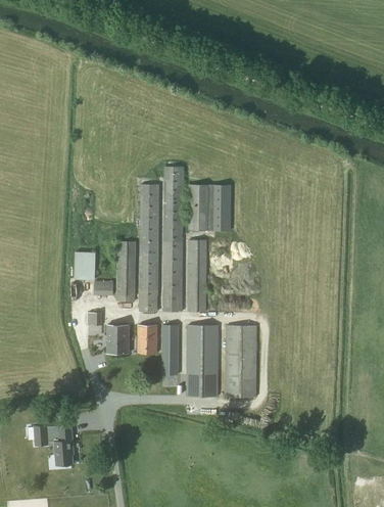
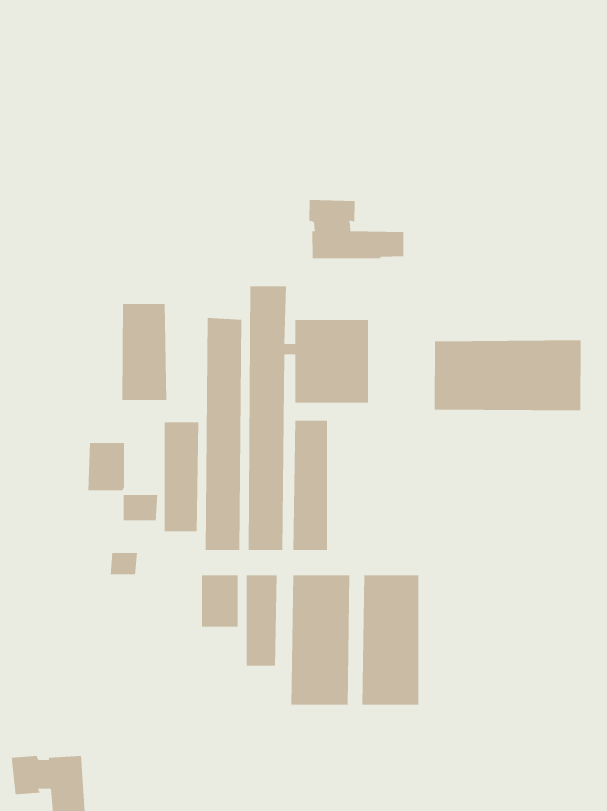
building: none -> [309,199,404,259]
building: none -> [122,303,167,401]
building: none -> [434,339,581,411]
building: [106,325,129,354] -> none

